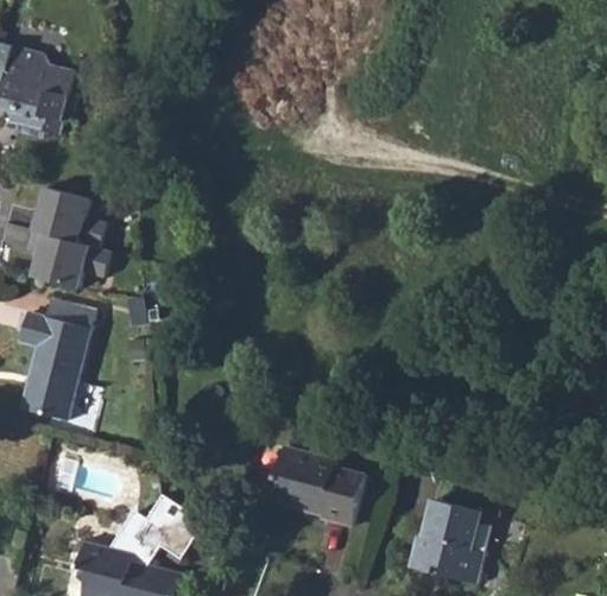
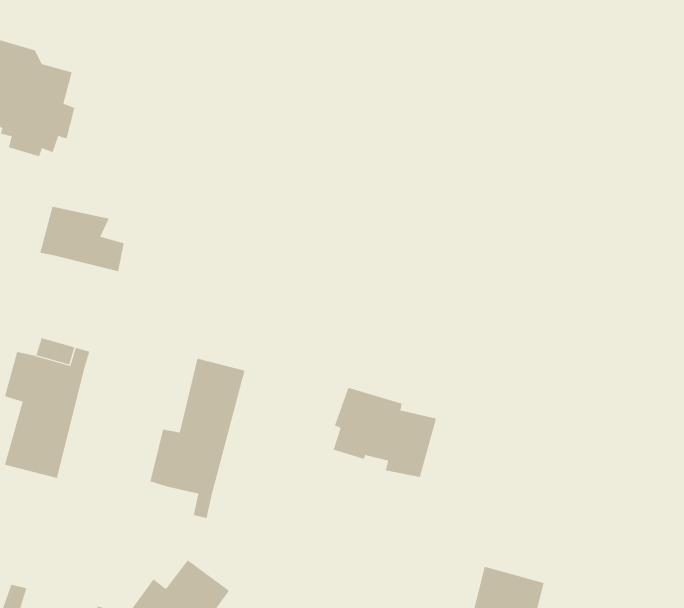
building: [43,230,121,285] -> none
building: none -> [150,358,245,519]
building: [270,449,360,527] -> [333,387,437,477]

